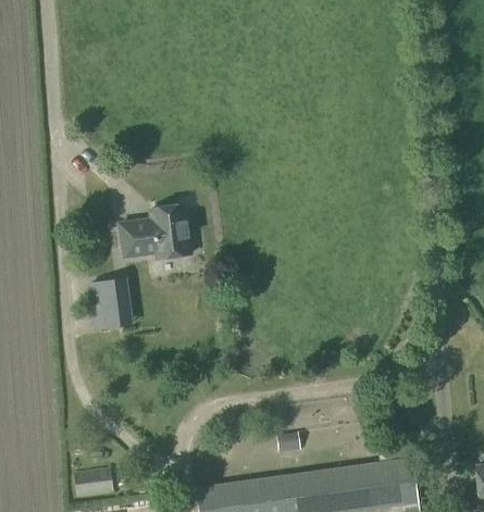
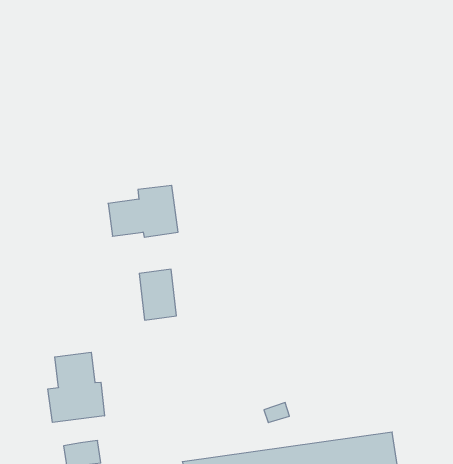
building: [88,278,126,330] -> [139,269,176,320]
building: none -> [48,352,104,422]

